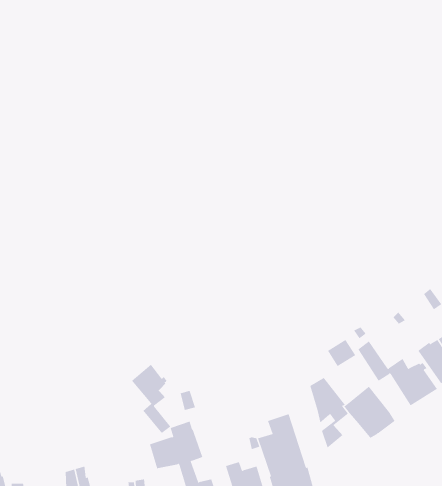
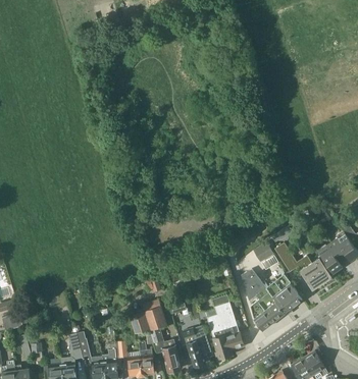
building: [131,364,171,434] -> none
building: none -> [253,294,284,330]

